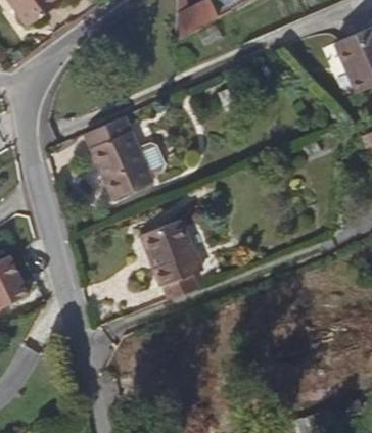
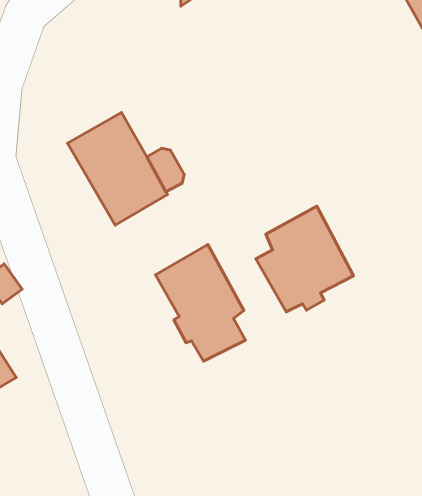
building: none -> [256,206,354,312]

